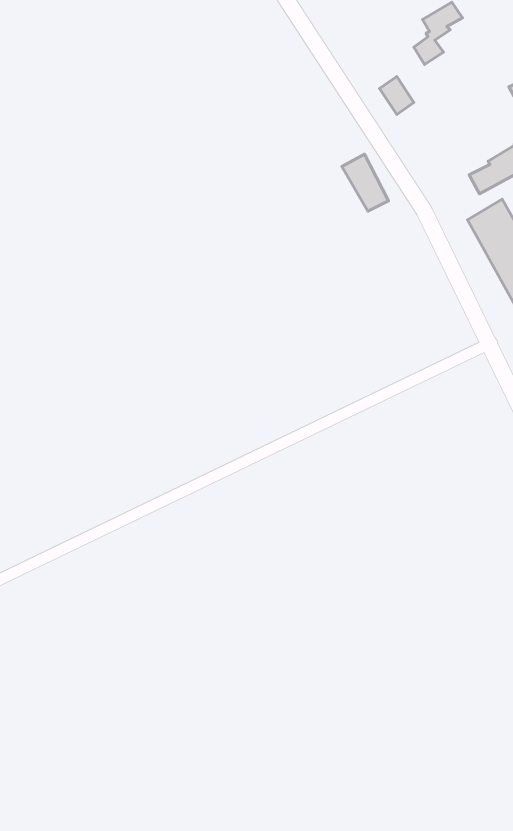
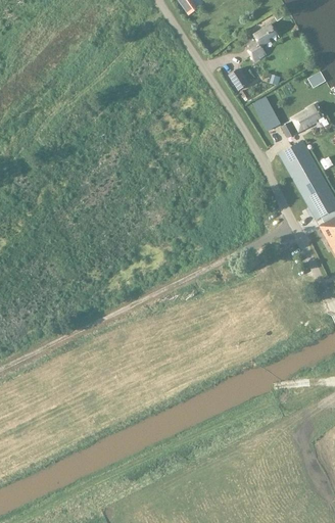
building: [342,154,389,211] -> [253,97,281,131]

